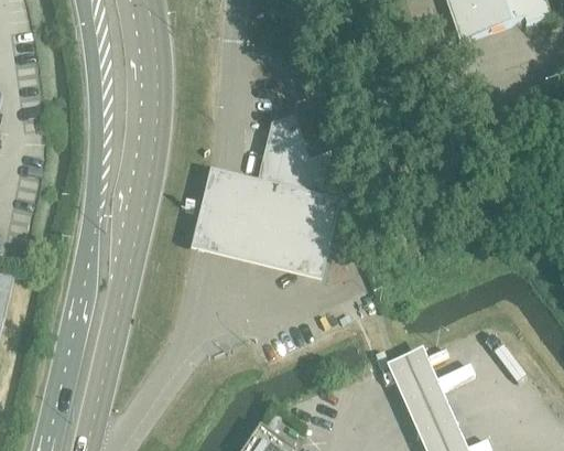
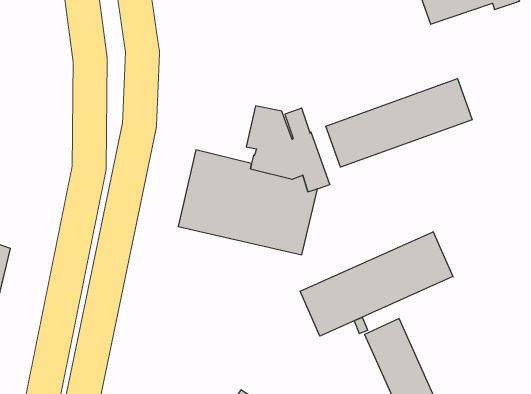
building: none -> [326,79,472,167]
building: none -> [300,232,453,336]

